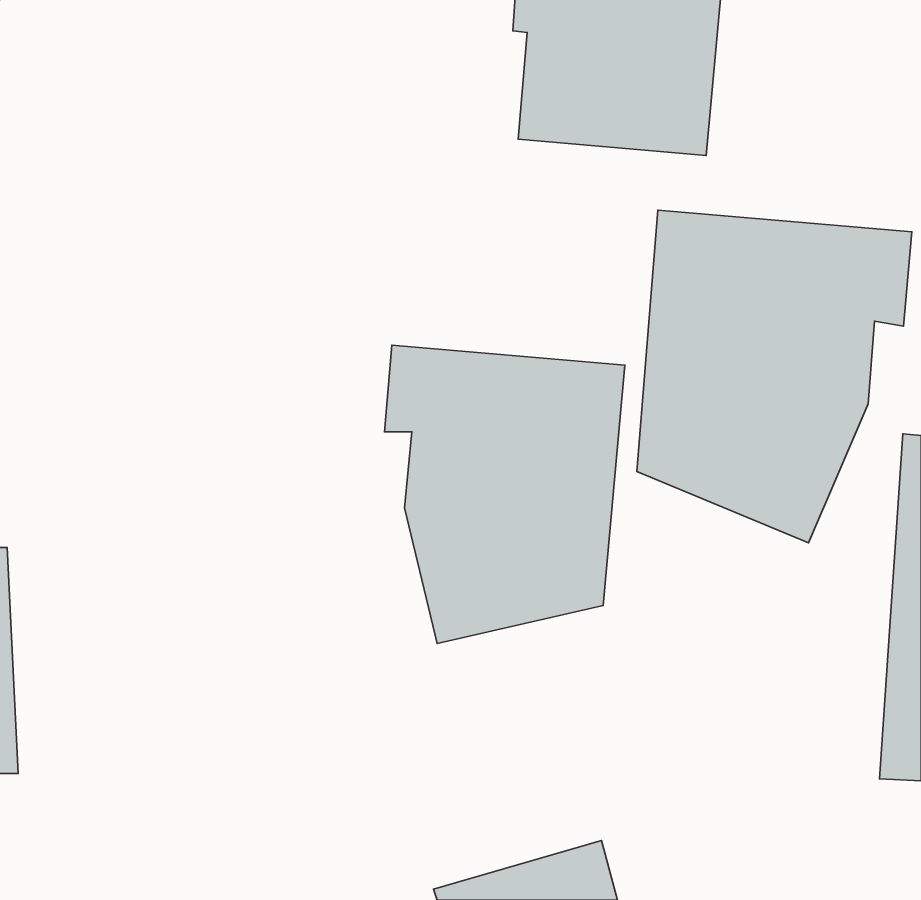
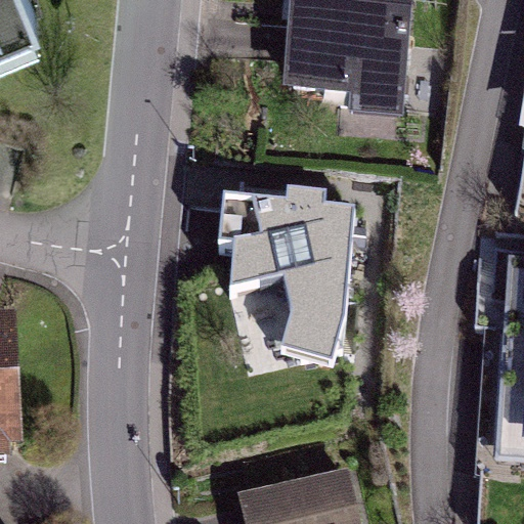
building: [637,210,912,543] -> none

